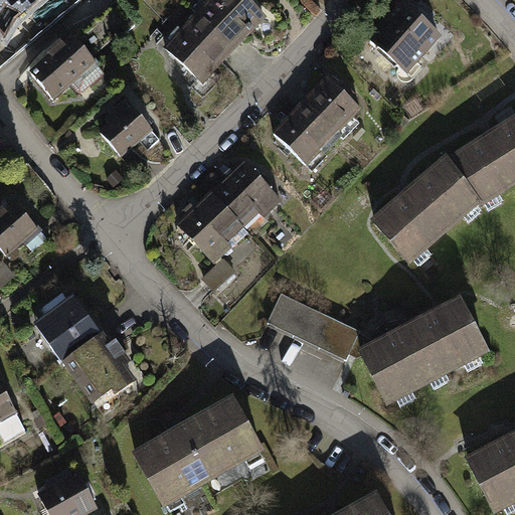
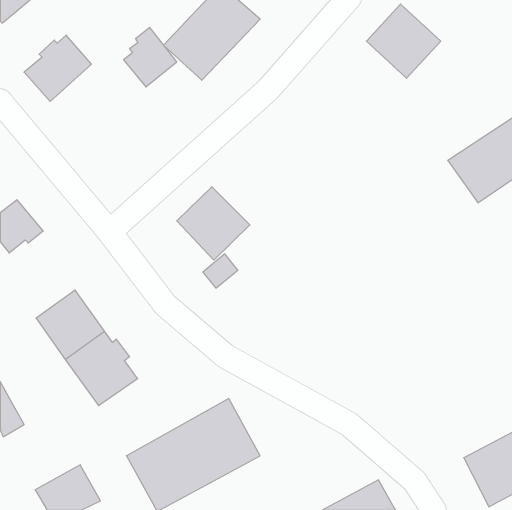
building: [269,73,364,171] -> none
building: [96,99,149,158] -> [124,28,177,87]
building: [213,156,284,225] -> none
building: [374,158,478,261] -> none
building: [265,291,357,358] -> none
building: [358,300,483,399] -> none

